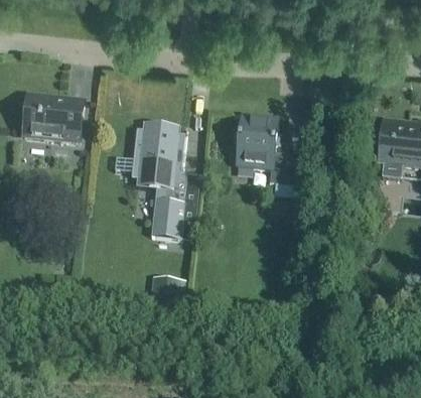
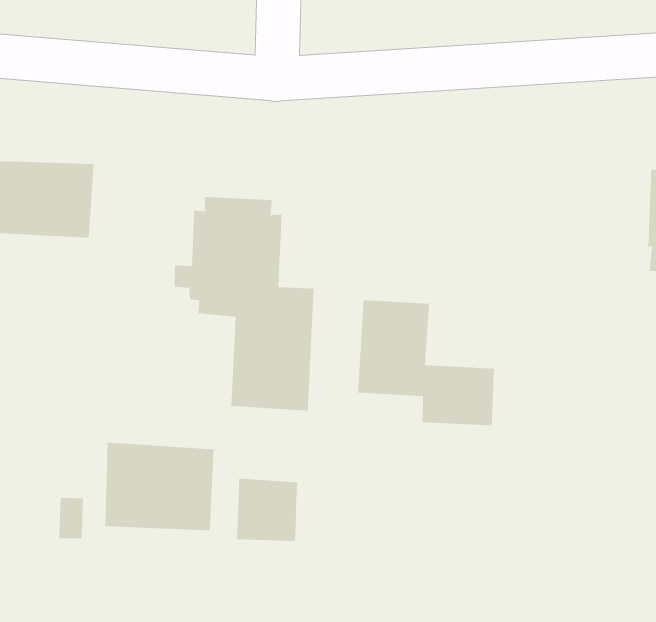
building: [236,117,311,189] -> [357,300,495,426]
building: none -> [105,442,214,531]

